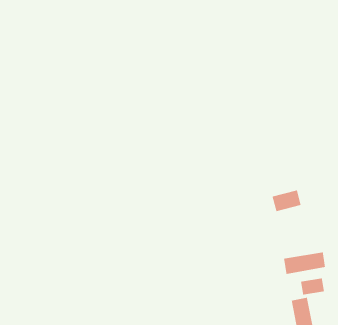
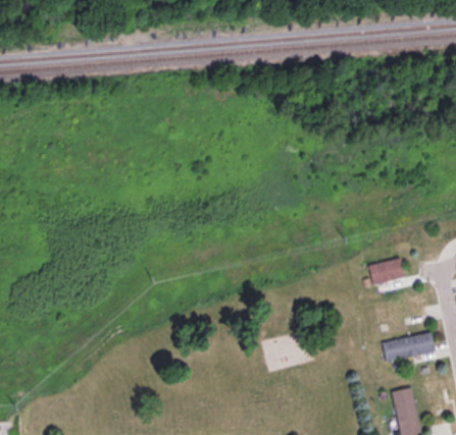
building: [300,277,325,295] -> none

